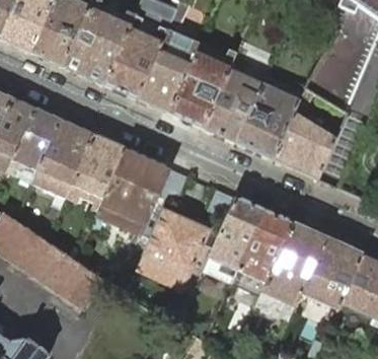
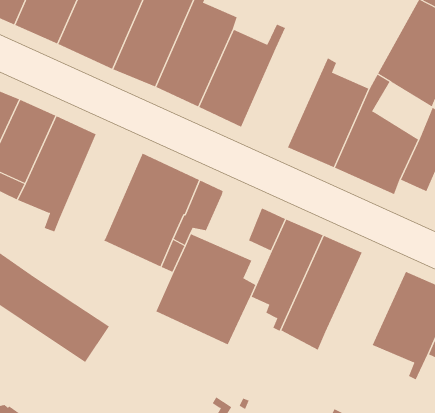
building: [202,68,267,143] -> none
building: [65,133,127,212] -> none
building: [256,222,325,317] -> none

